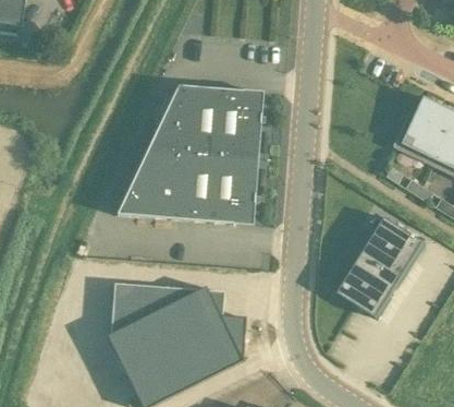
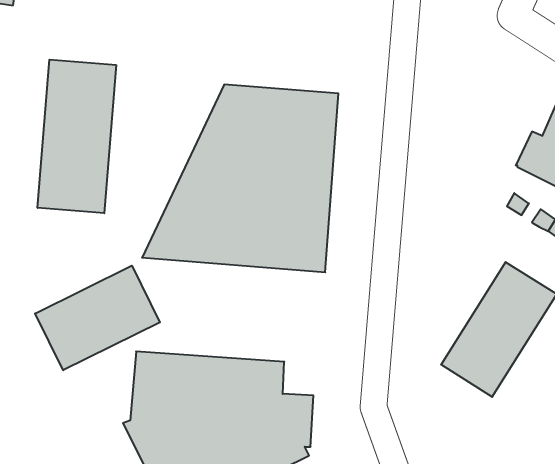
building: none -> [38,60,116,213]
building: none -> [35,266,160,370]

